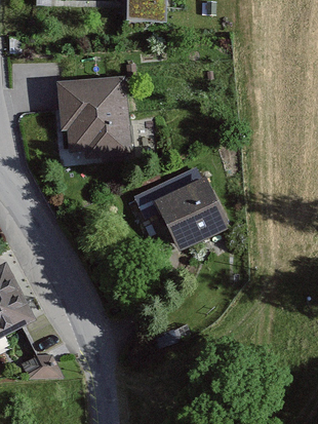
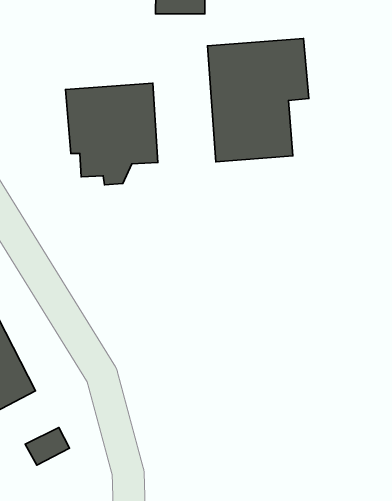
building: none -> [208,39,309,162]
building: [154,179,227,249] -> none

